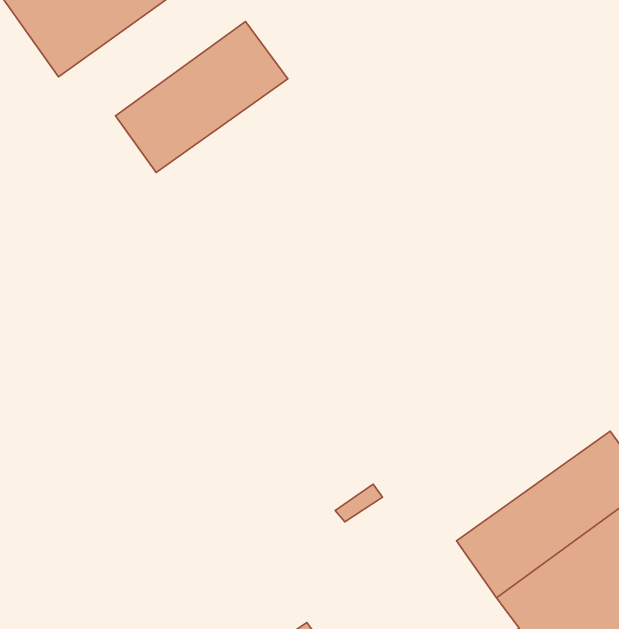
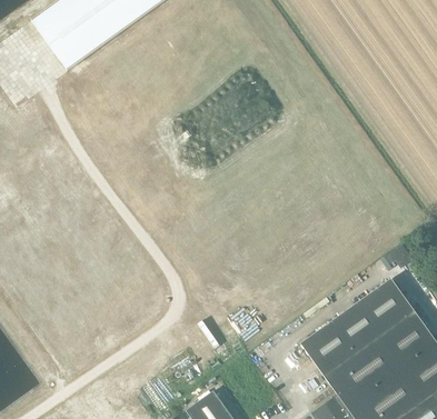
building: [116,21,288,173] -> none

